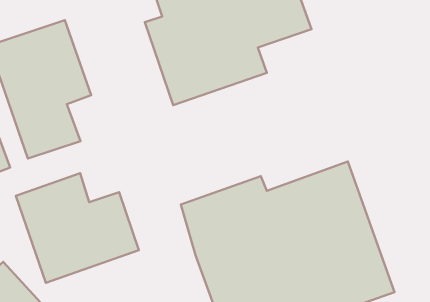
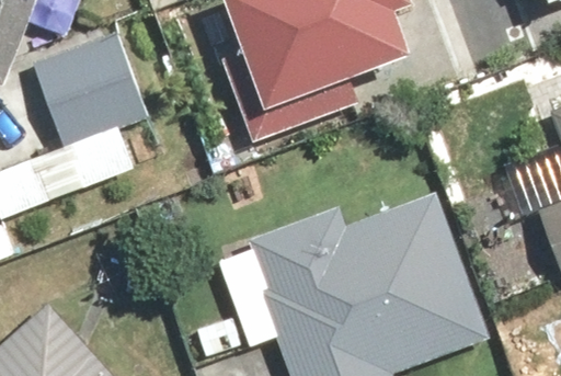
building: [16,173,139,283] -> none

